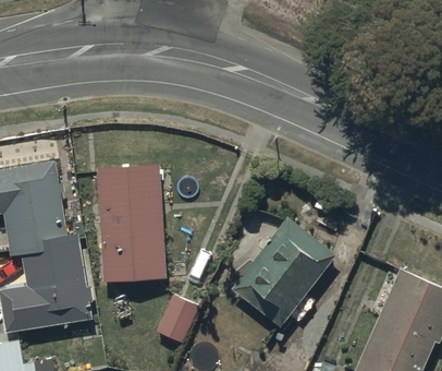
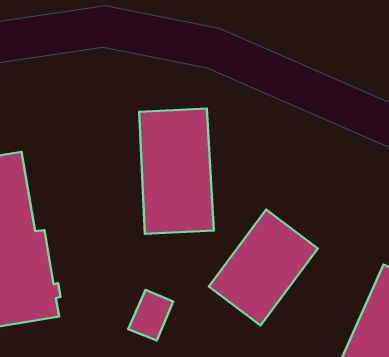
building: [97,166,168,285] -> [139,108,214,234]

